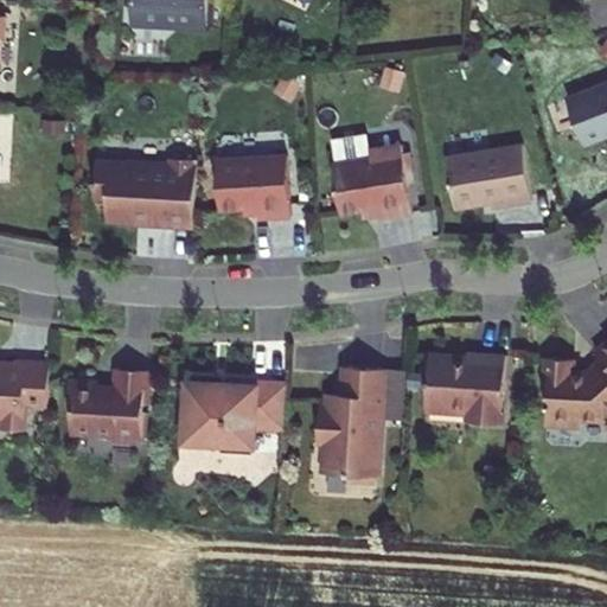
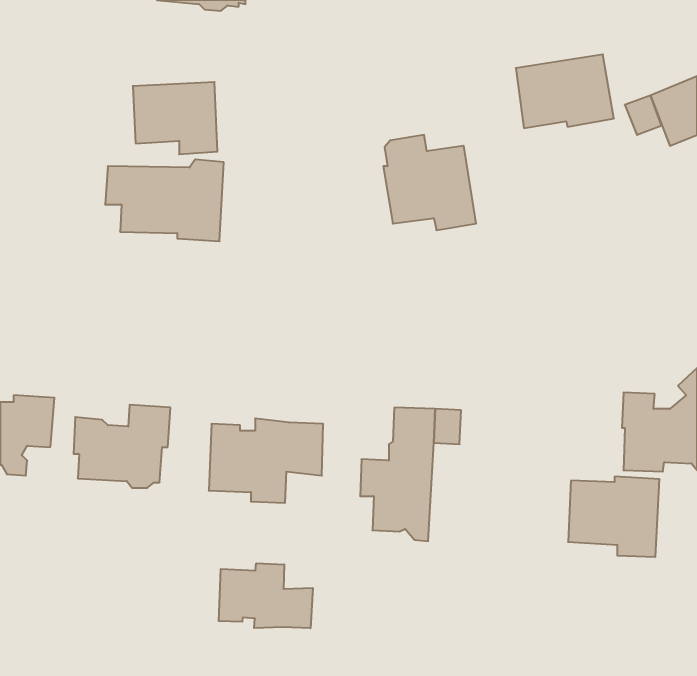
building: [449,145,535,209] -> [516,54,614,128]
building: [215,155,288,218] -> [133,82,217,154]
building: [422,353,501,423] -> [568,477,660,557]
building: none -> [219,563,313,628]

